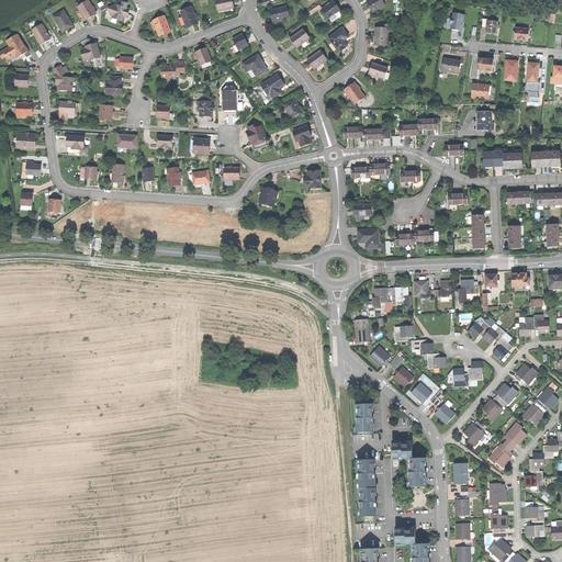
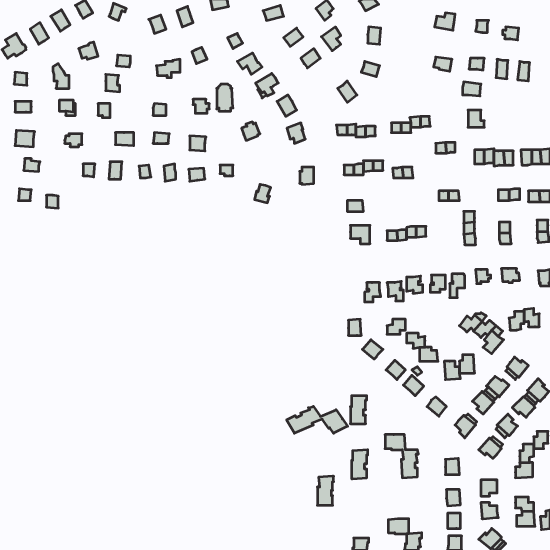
building: none -> [287,406,348,433]
building: [358,486,374,516] -> [317,476,334,505]

